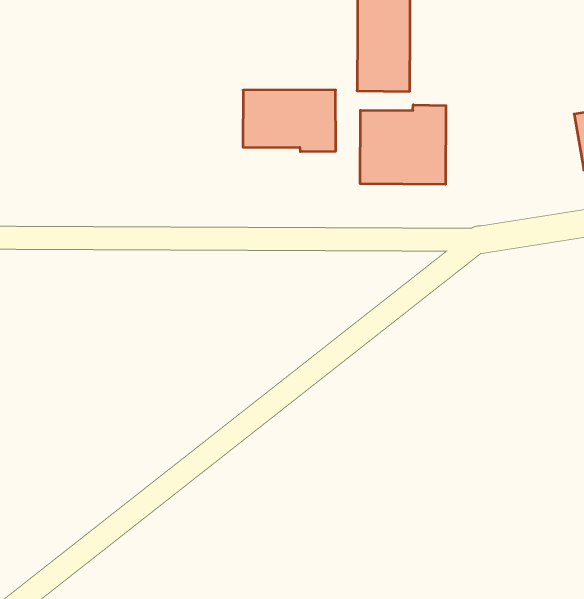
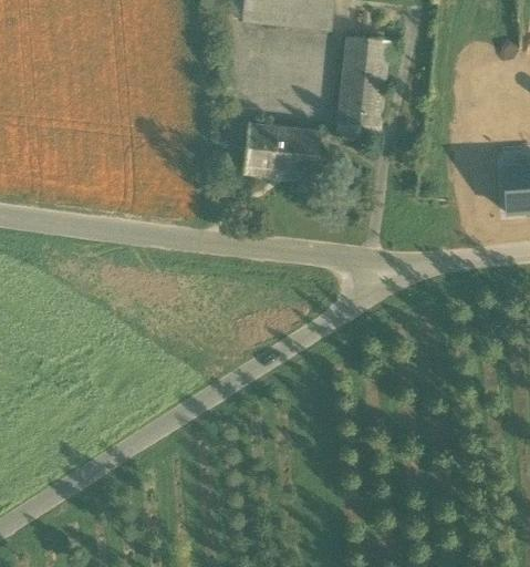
building: [360,105,446,184] -> none

